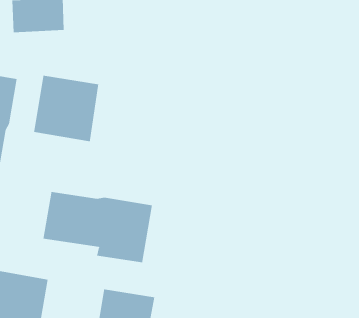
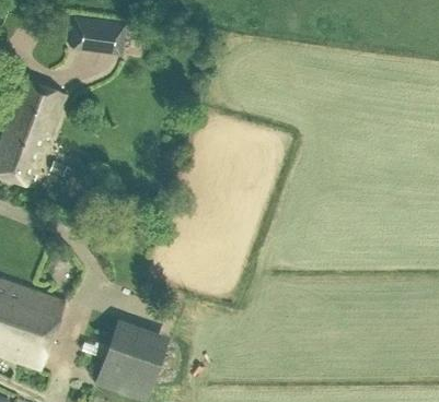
building: [34,75,99,142] -> none
building: [43,191,153,263] -> none

